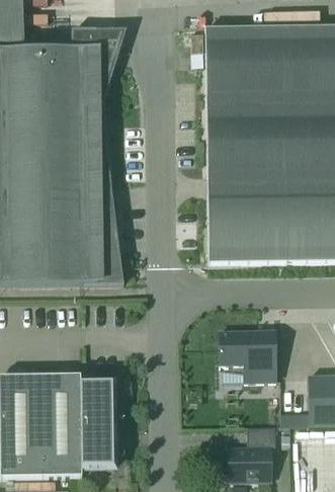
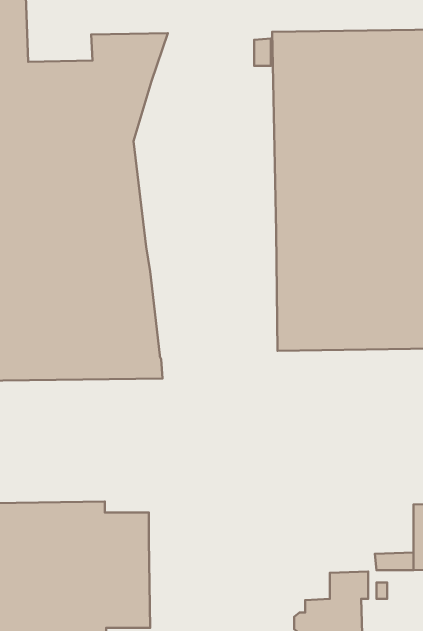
building: [219,330,276,381] -> none

